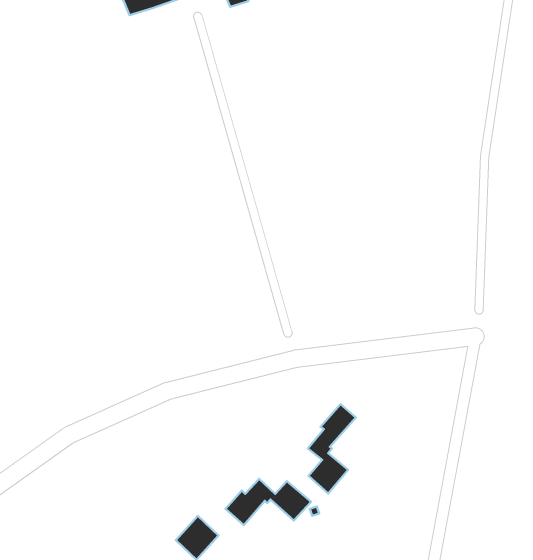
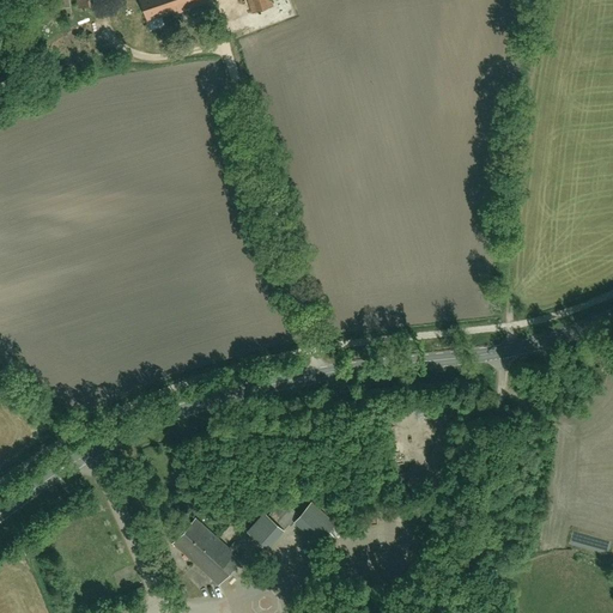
building: [308,404,356,494] -> none
building: none -> [174,520,219,565]

